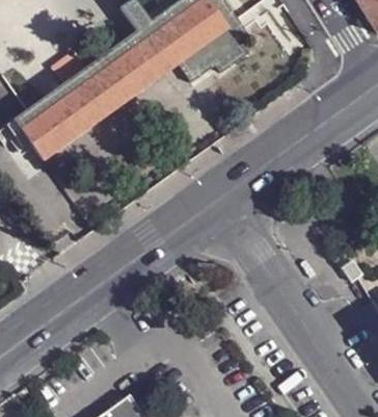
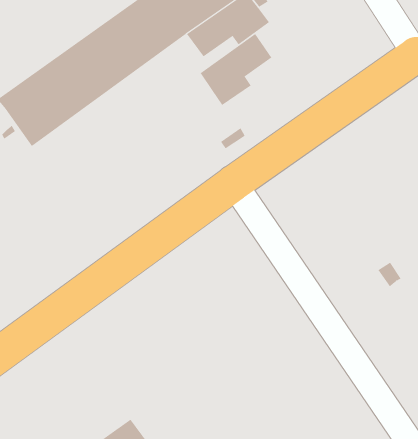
building: none -> [200,33,272,106]

